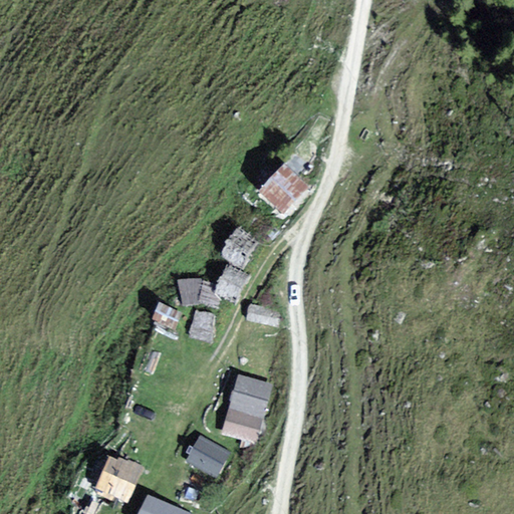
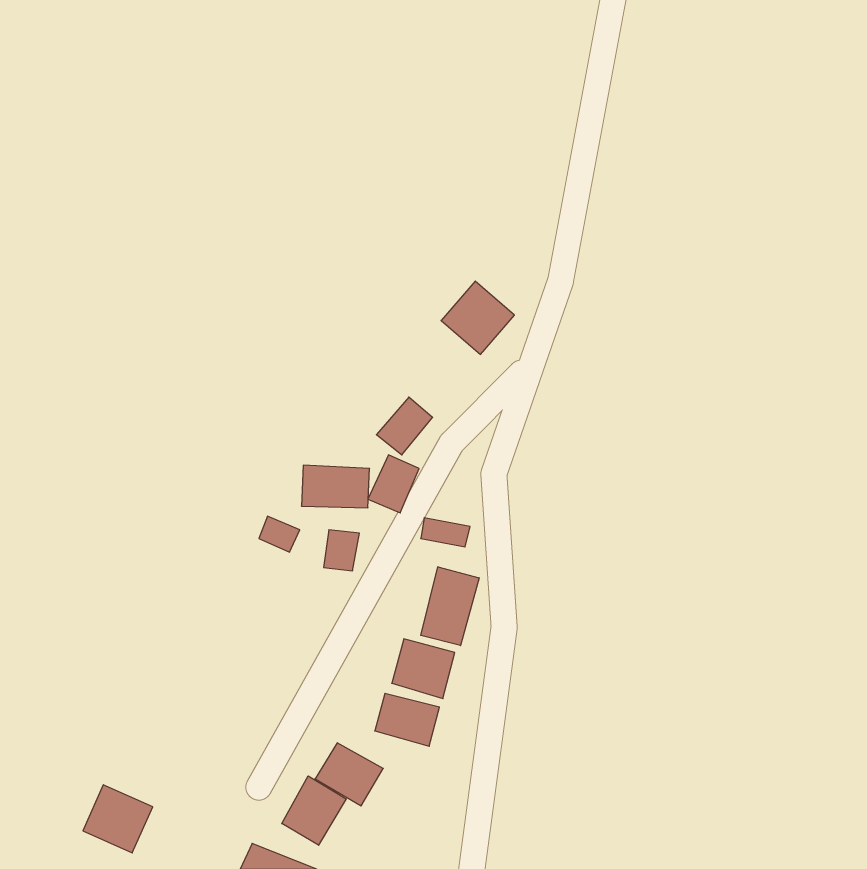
building: none -> [421,567,479,646]
building: none -> [282,776,346,845]
building: [96,459,138,499] -> [83,785,153,853]

